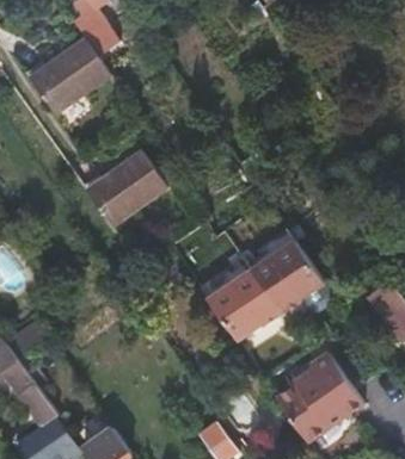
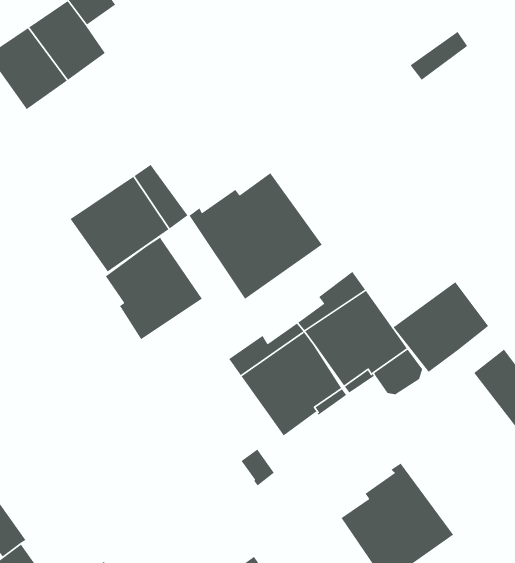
building: none -> [189,172,323,300]
building: none -> [105,237,203,340]
building: none -> [393,281,489,373]

